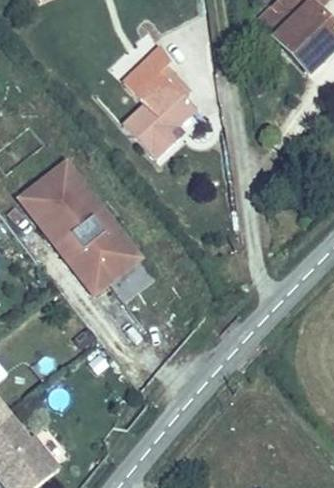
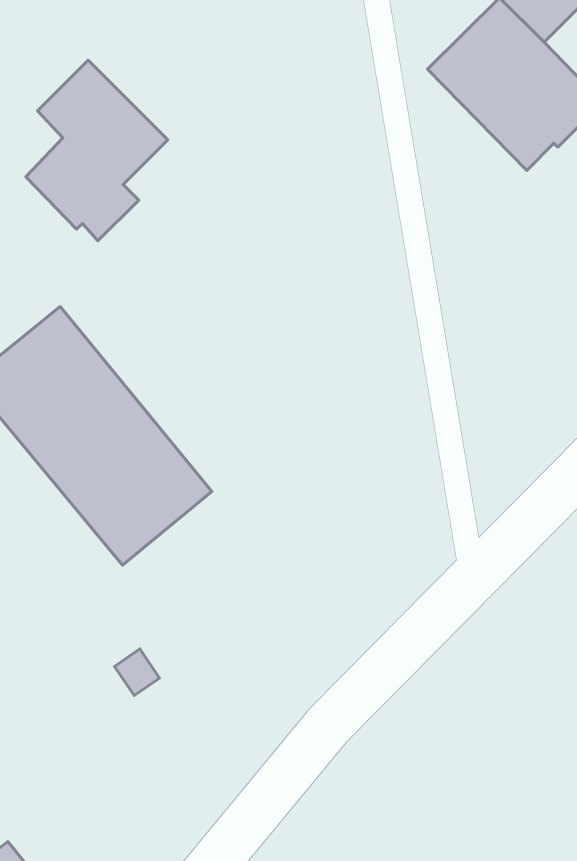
building: [124,64,197,157] -> [26,60,168,241]

